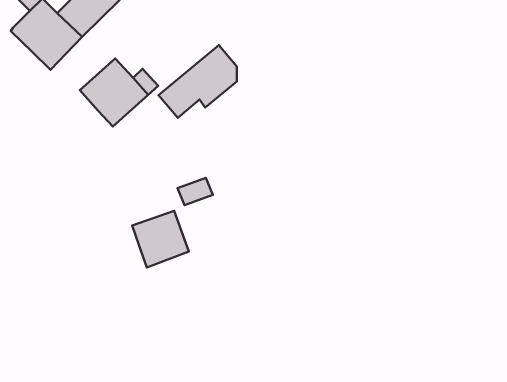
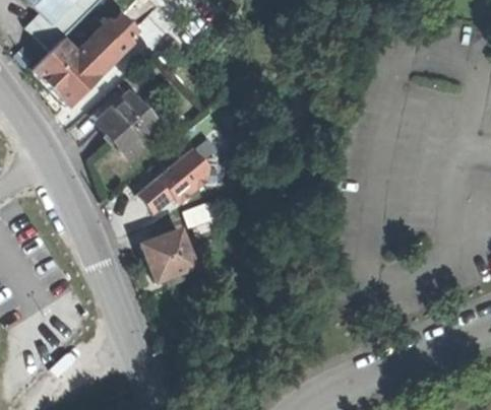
building: [159,45,237,118] -> [137,150,207,215]

